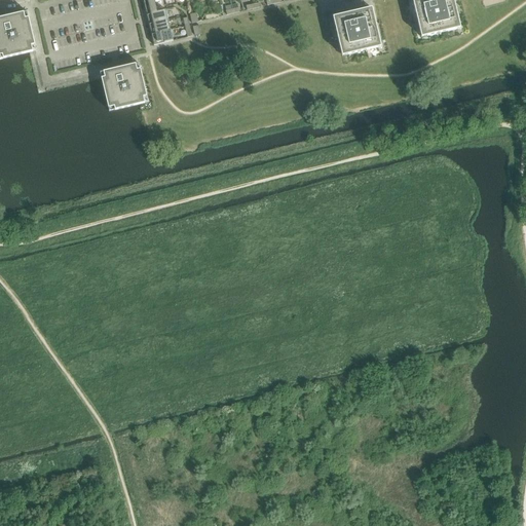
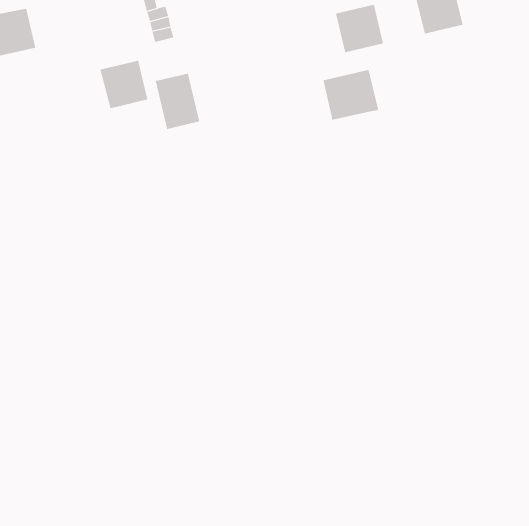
building: none -> [323,69,379,120]
building: none -> [155,73,200,130]

